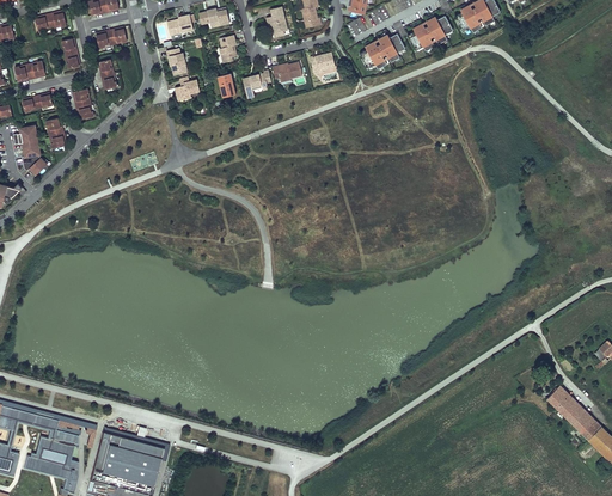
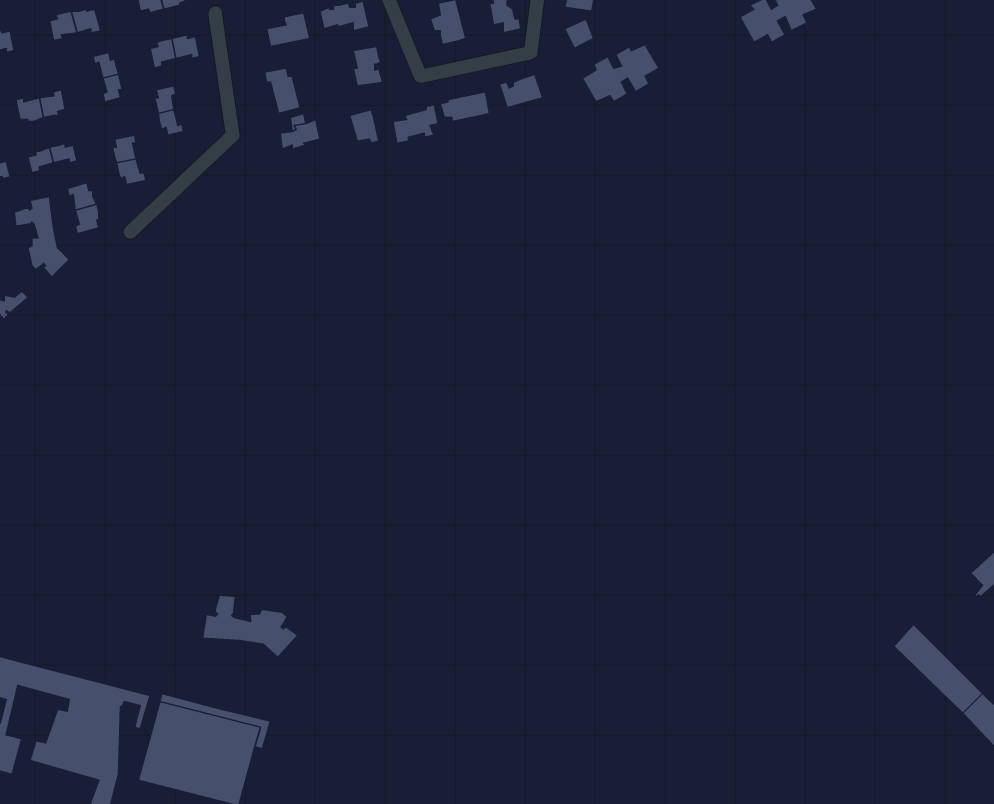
building: [406,16,453,50] -> none
building: none -> [203,595,298,657]

